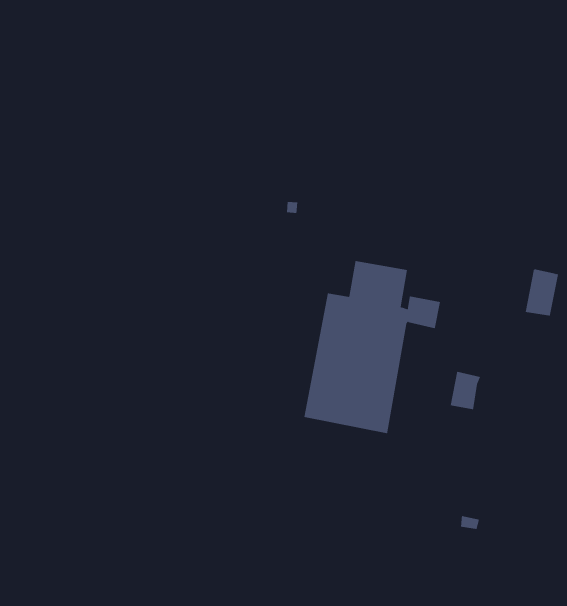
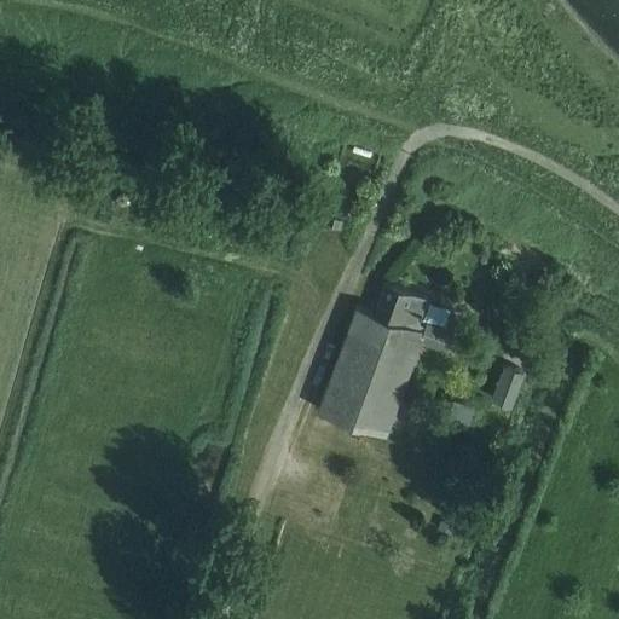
building: [525,269,559,316] -> [491,369,526,412]

